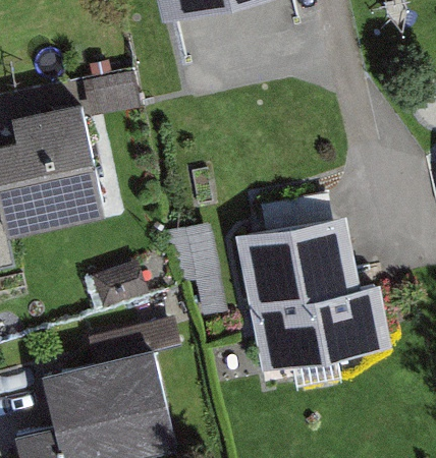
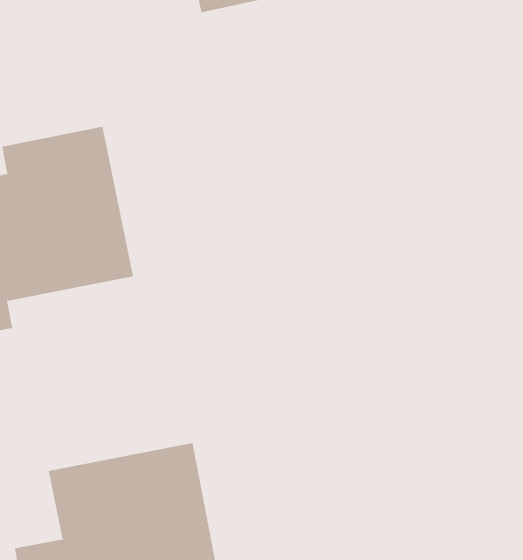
building: [246,221,378,355] -> none

